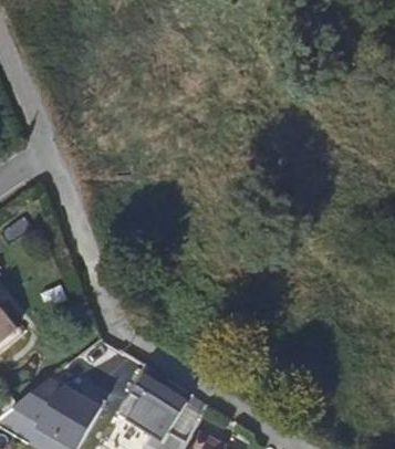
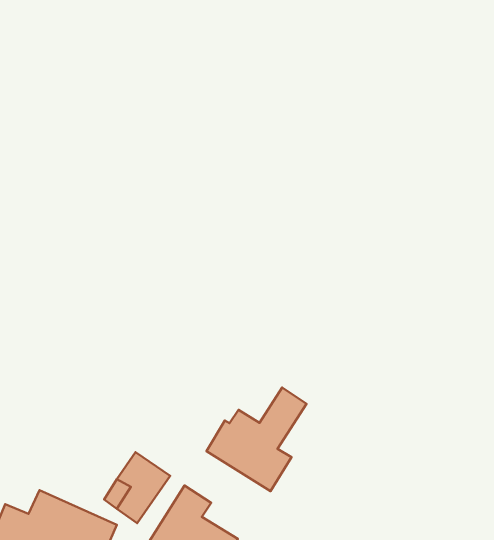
building: none -> [207,387,306,491]

